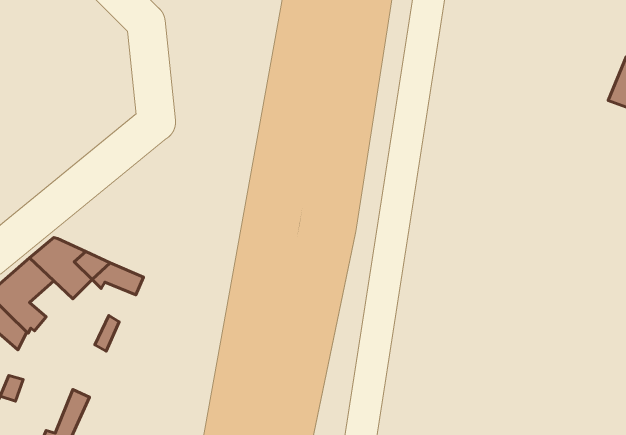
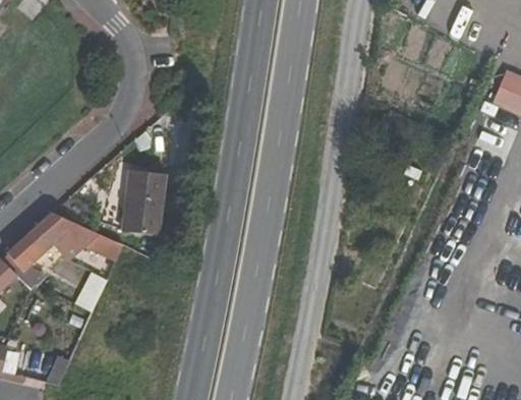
building: none -> [120,170,166,235]

